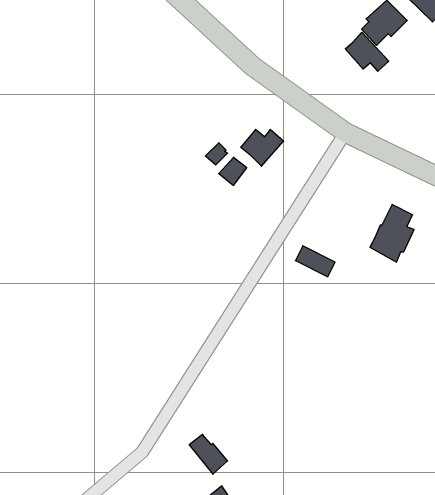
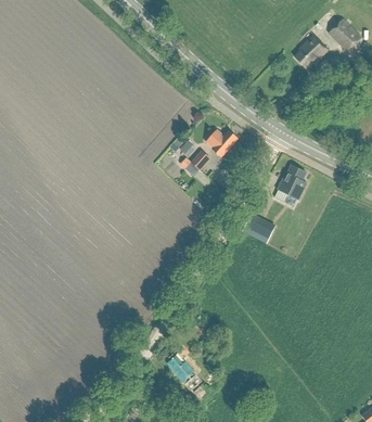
building: [345,32,389,71] -> none
building: [370,205,414,262] -> [274,165,307,207]

